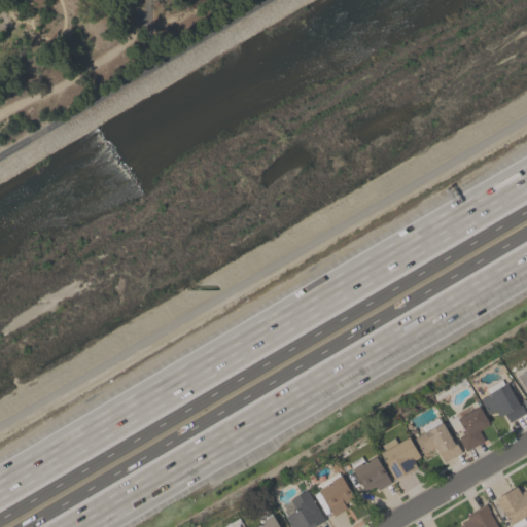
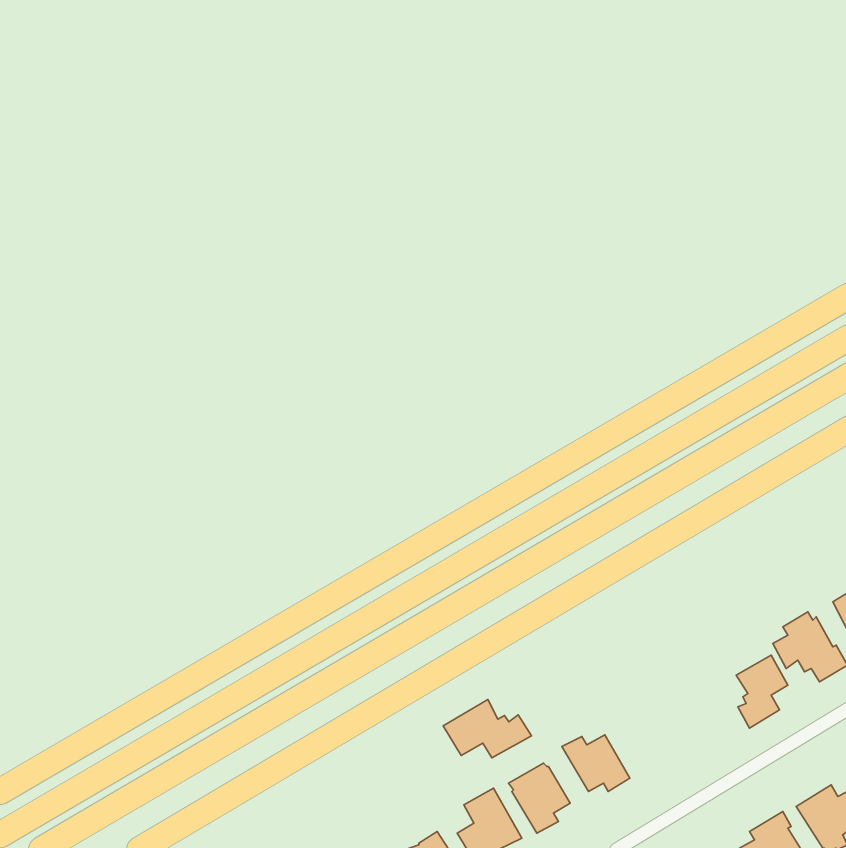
building: [415,423,462,462] -> none
building: none -> [443,700,531,758]
building: [380,437,420,481] -> none

